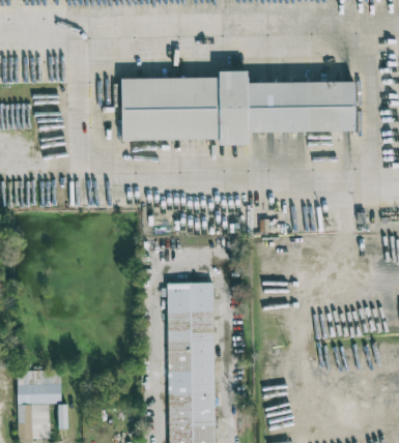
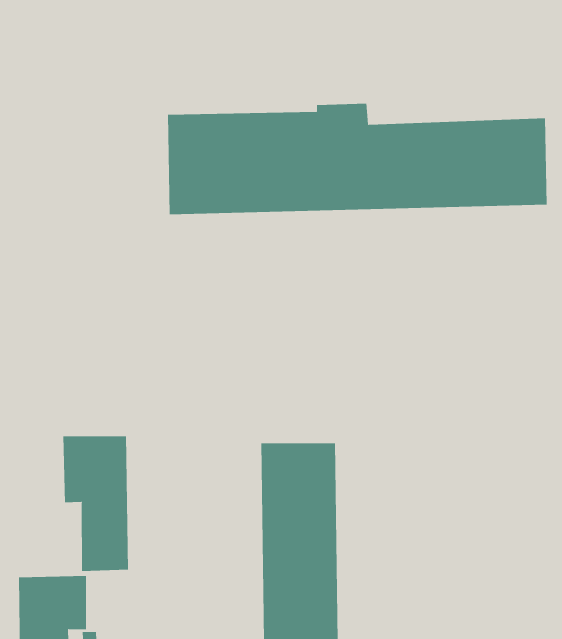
building: none -> [63,436,128,572]

